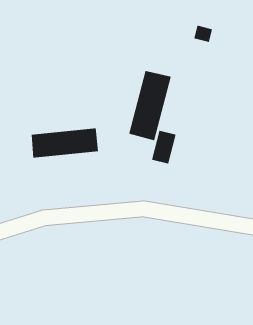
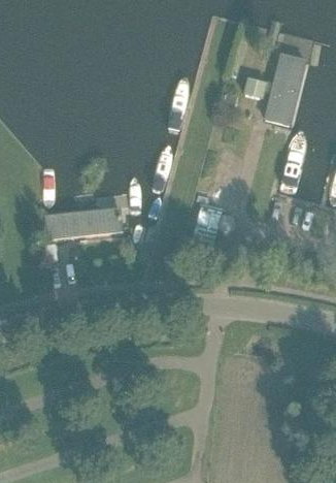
building: none -> [264,54,306,127]
building: [128,70,171,141] -> none

